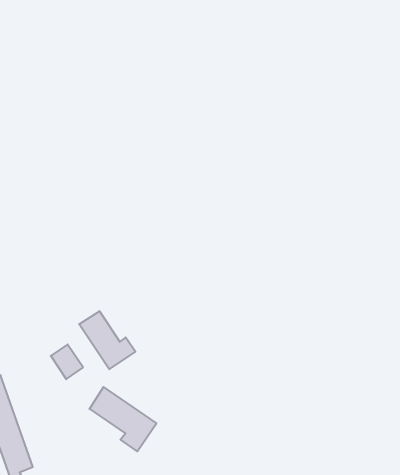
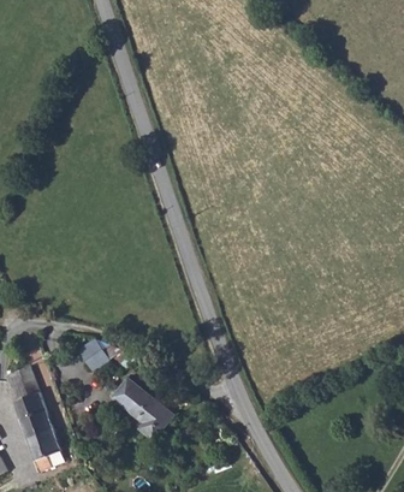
building: [79,311,135,369] -> none

